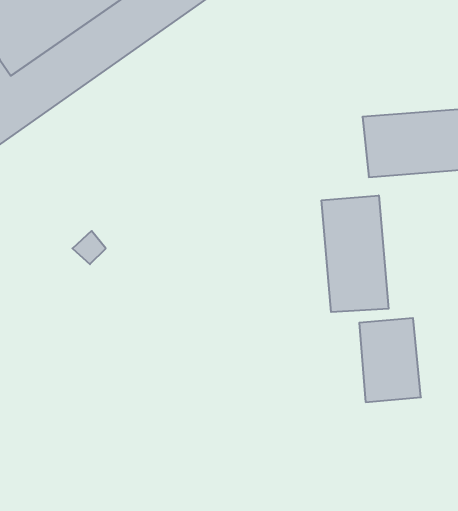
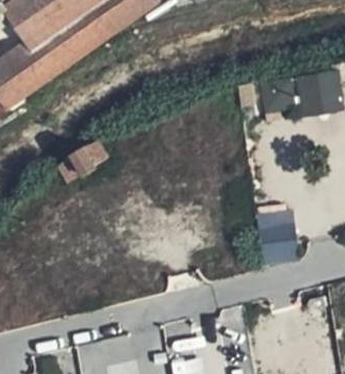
building: [322,195,389,312] -> none

